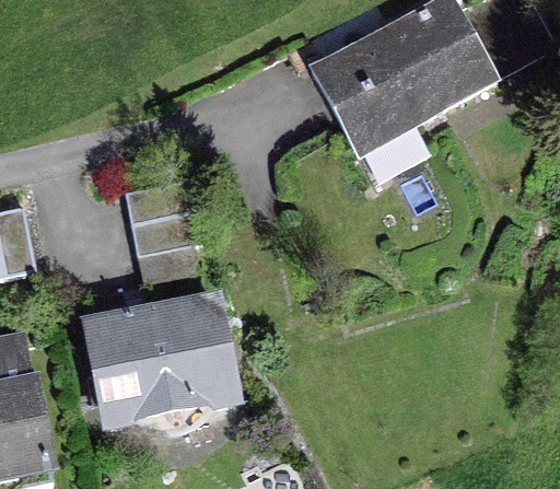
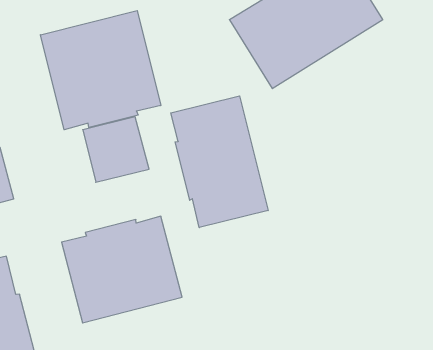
building: none -> [40,11,161,130]
building: none -> [171,96,268,228]

